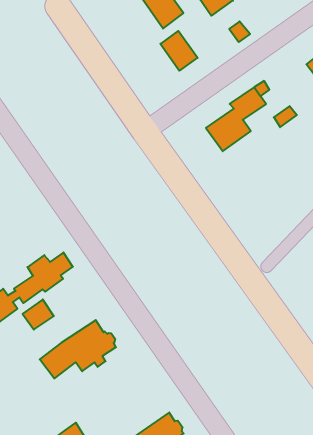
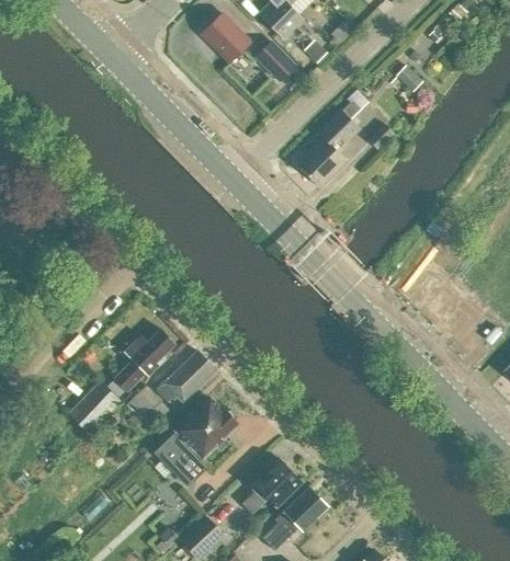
building: [160,31,198,71] -> [254,39,298,83]
building: none -> [156,351,215,403]
building: none -> [242,459,301,513]

